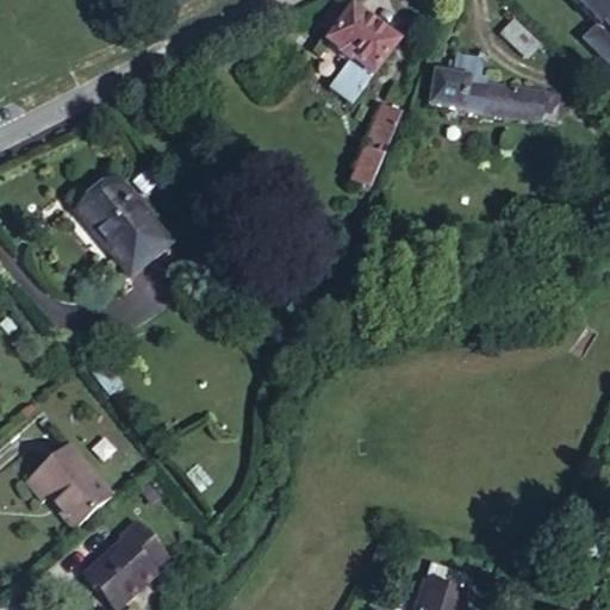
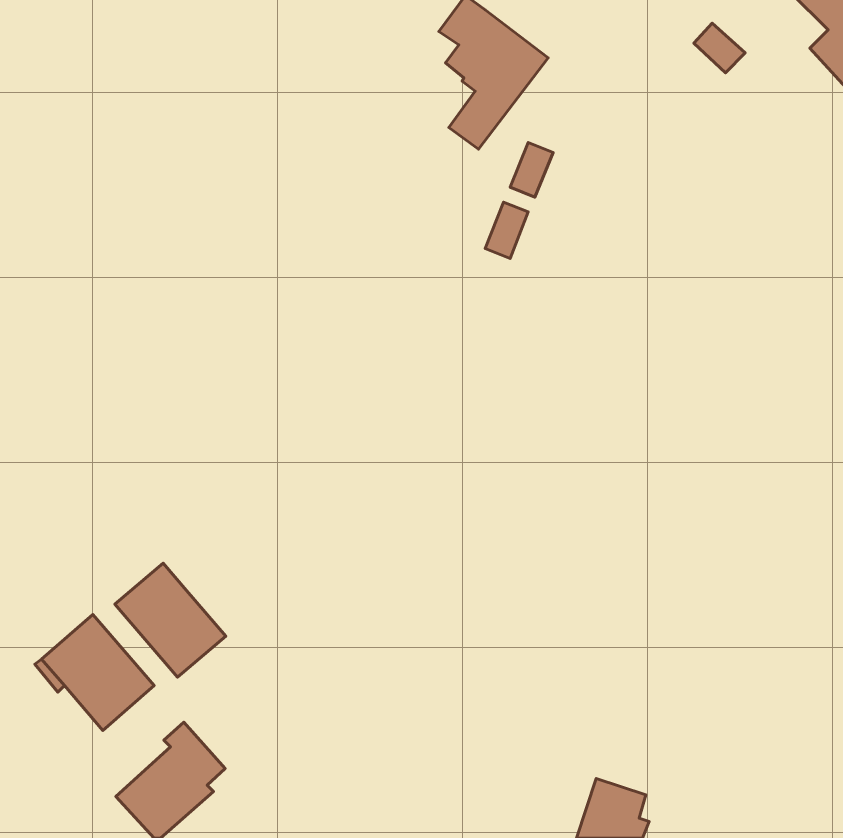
building: [428,51,559,120] -> none
building: [77,175,170,274] -> none
building: none -> [115,563,226,677]

